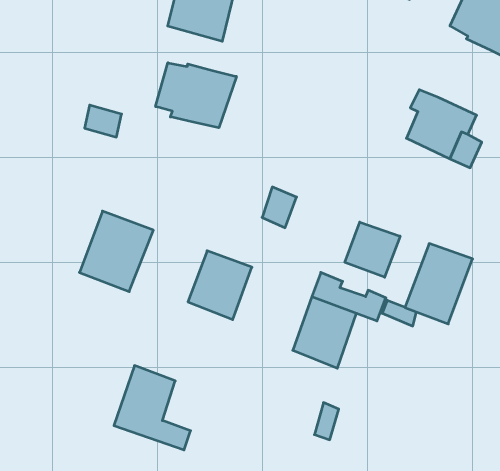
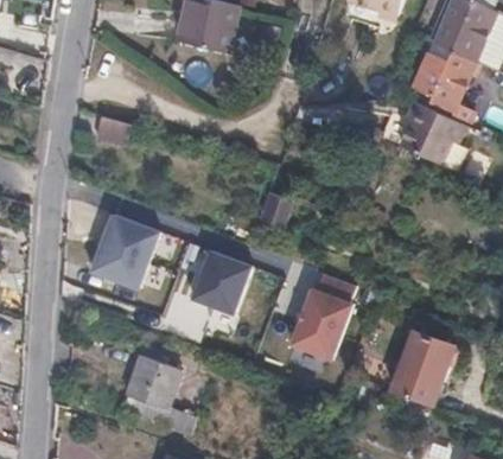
building: none -> [414,52,473,122]
building: [156,63,236,128] -> none
building: [345,222,400,277] -> none
building: [405,244,473,324] -> [391,331,454,406]

